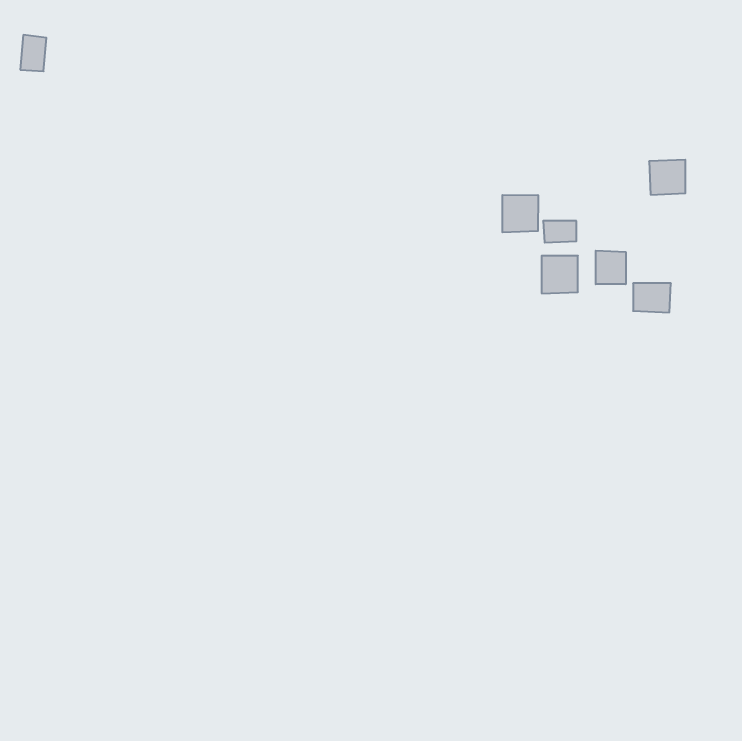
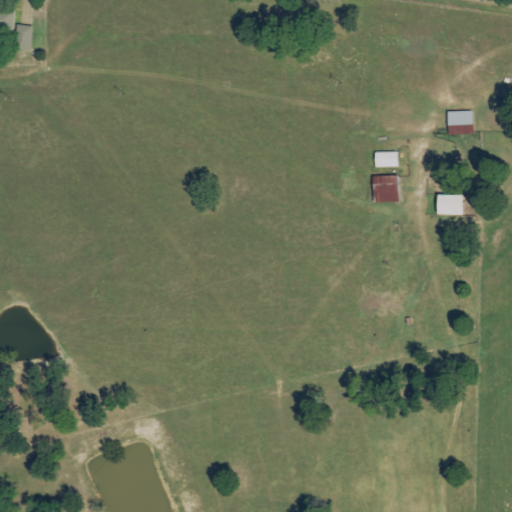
building: [502,195,538,232] -> none
building: [596,251,626,284] -> none

